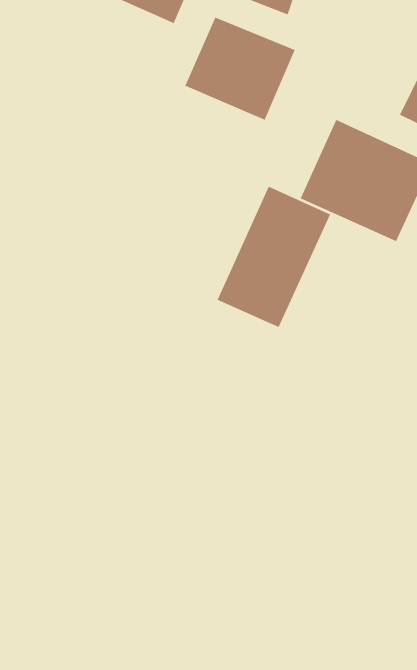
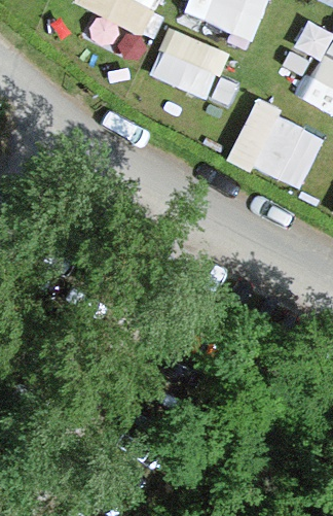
building: [217,186,331,328] -> none

